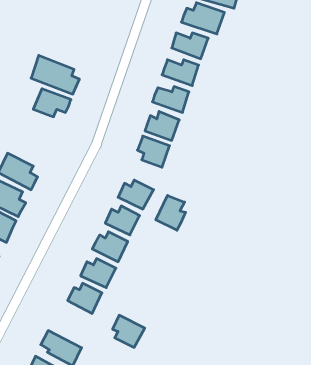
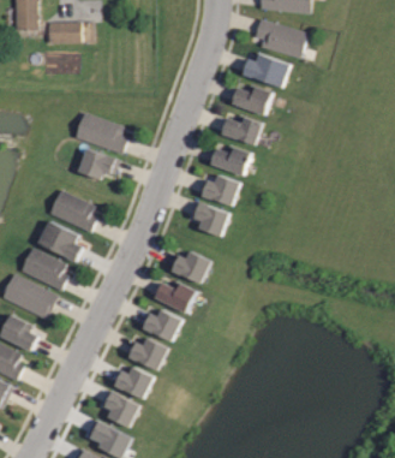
building: none -> [48,189,96,232]
building: [156,195,186,230] -> none
building: [113,315,145,347] -> [103,391,139,427]

